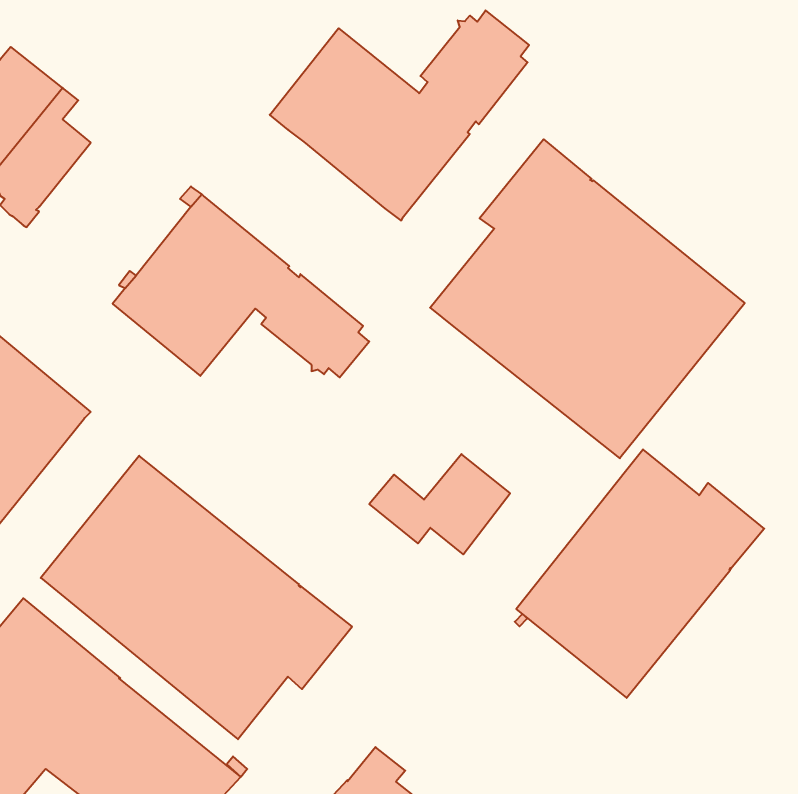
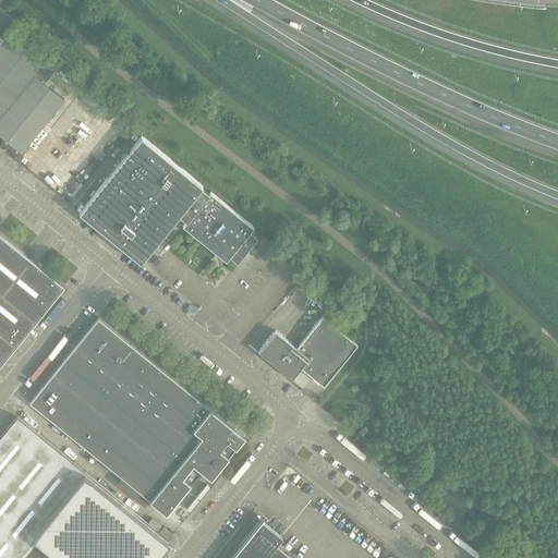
building: [270,10,529,221] -> none
building: [430,139,745,458] -> none
building: [516,449,764,698] -> none

